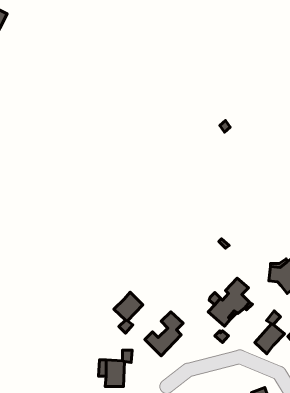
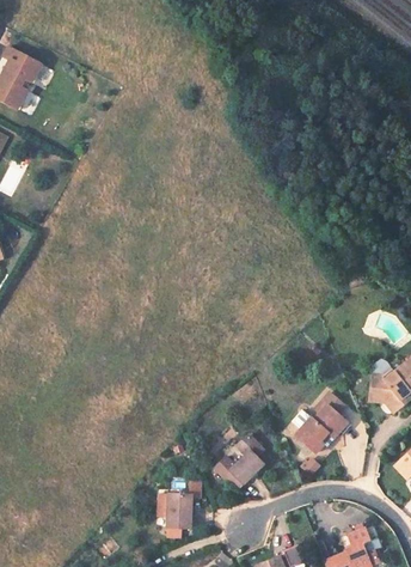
building: [114,292,143,333] -> none
building: [255,311,284,354] -> none

